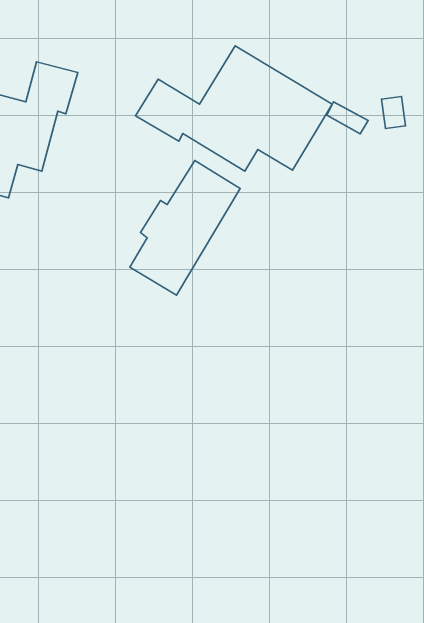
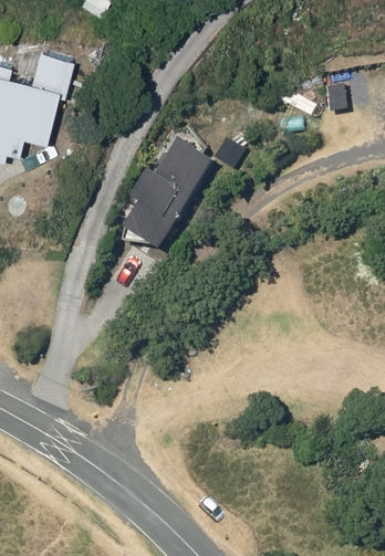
building: [135,46,332,171] -> none

